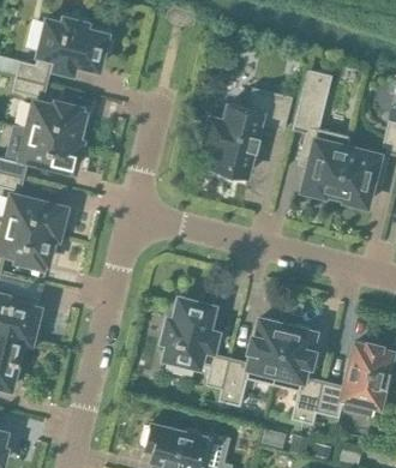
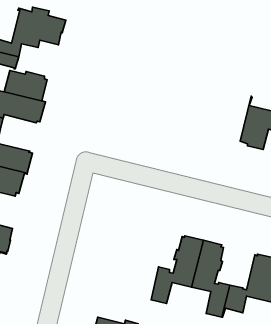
building: [292,70,349,194] -> none
building: [203,88,292,180] -> none
building: [163,298,228,402] -> none

